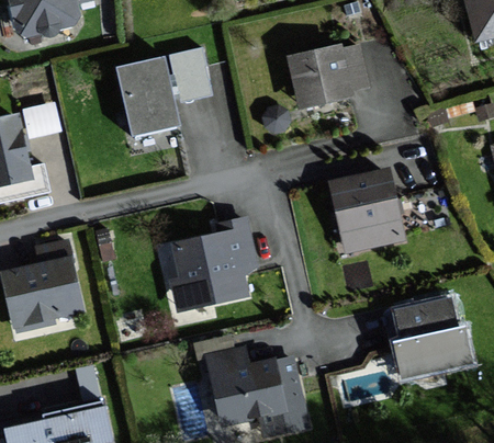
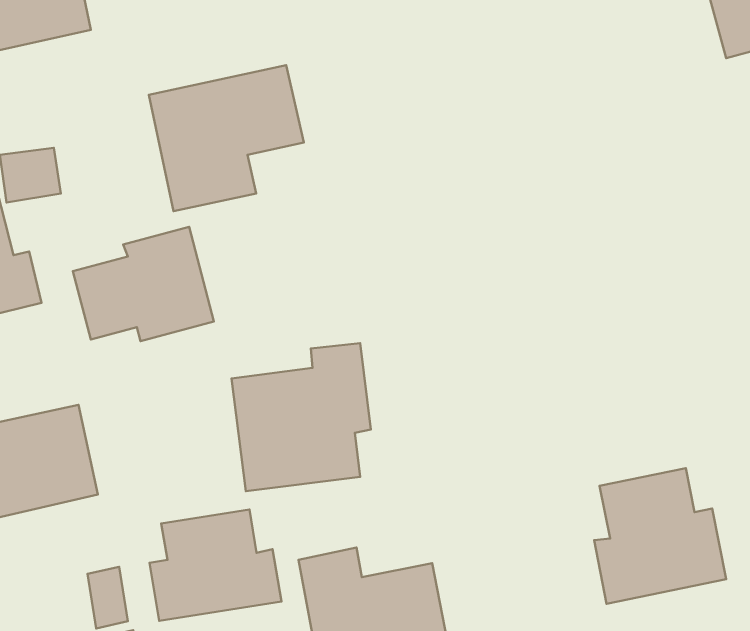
building: [288,44,367,111] -> none
building: none -> [73,227,214,341]
building: [326,167,407,255] -> none
building: none -> [149,509,281,621]

